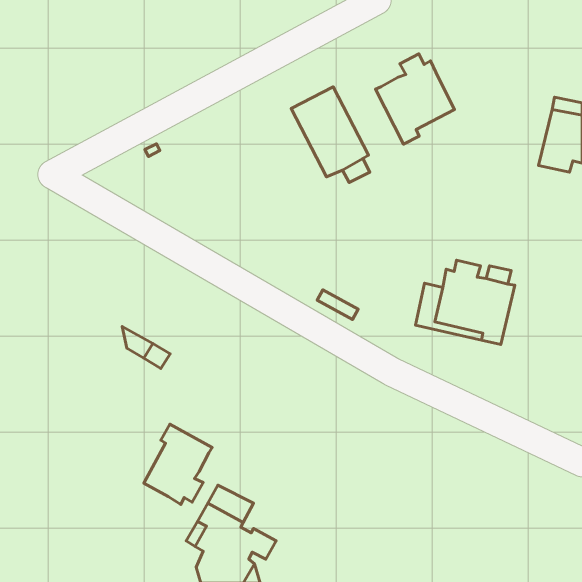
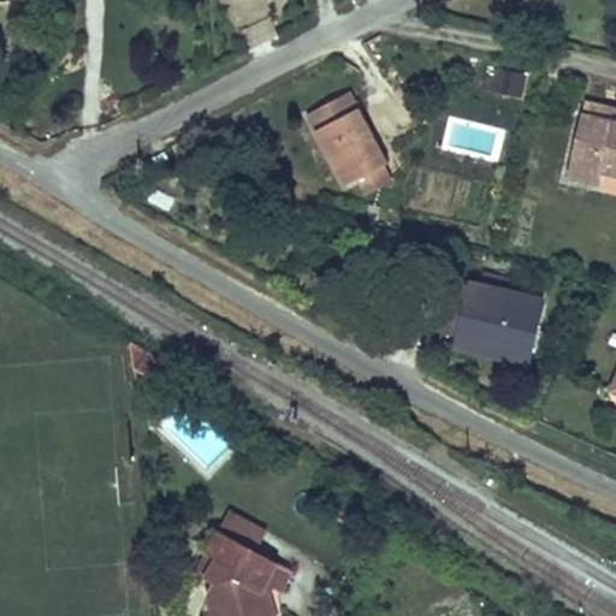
building: [375,54,455,144] -> none
building: [144,424,212,504] -> none

